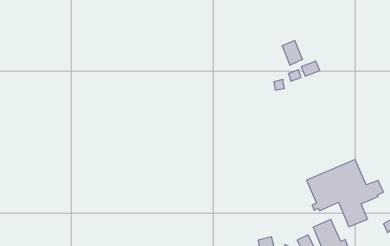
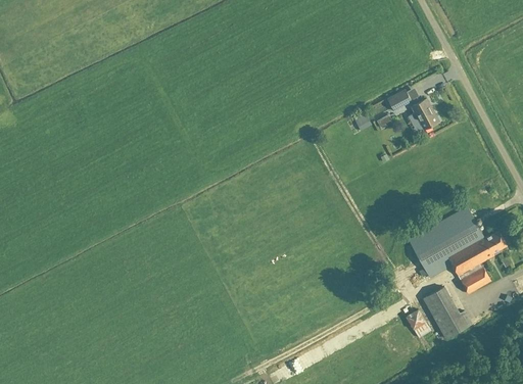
building: [282,41,303,65] -> [411,98,438,130]

